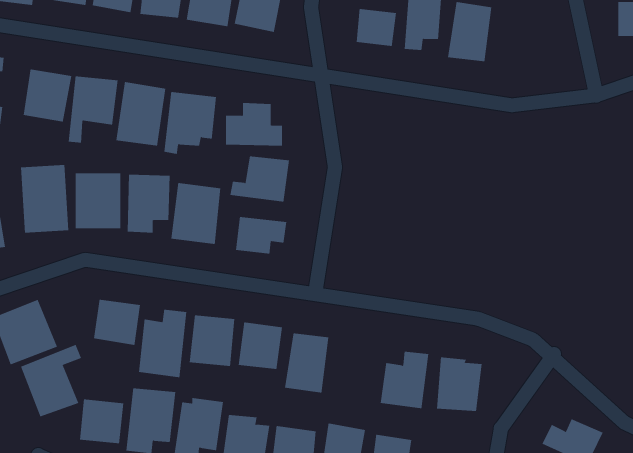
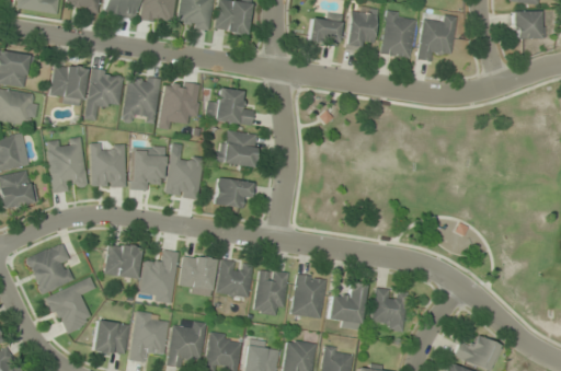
building: none -> [416,15,457,62]
building: none -> [291,275,325,318]

